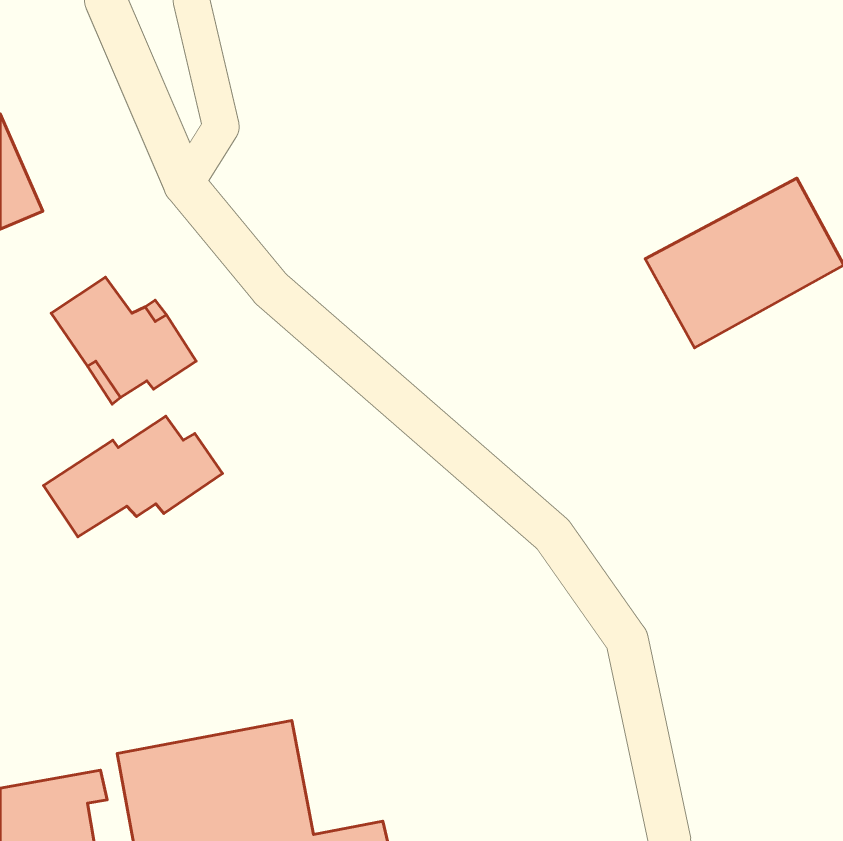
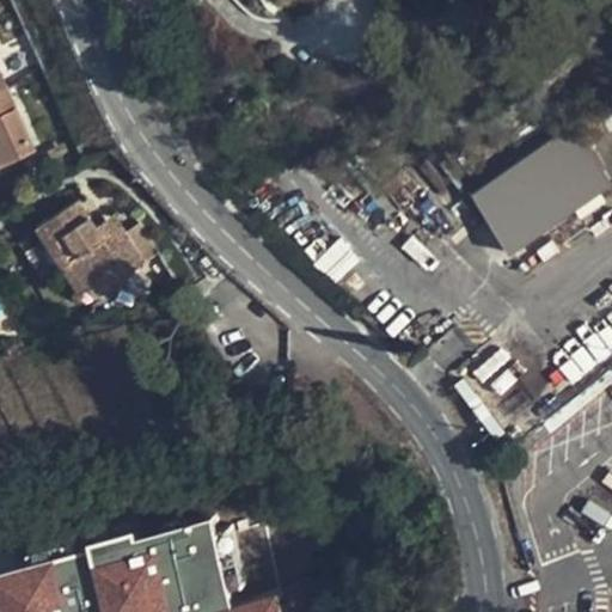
building: [43,416,222,537] -> none

